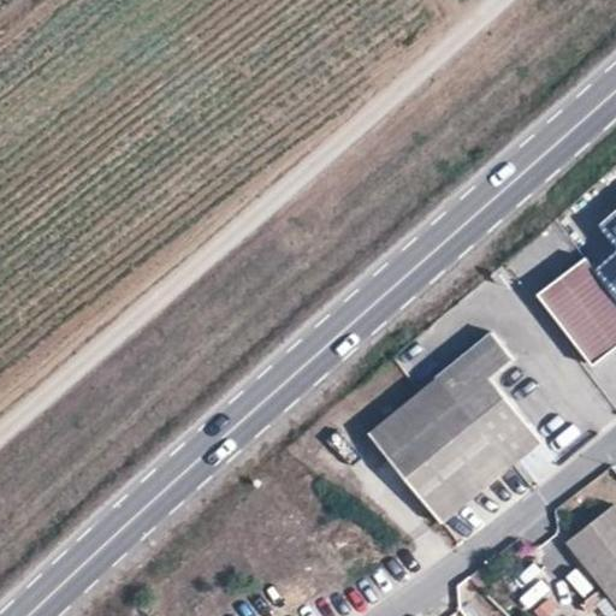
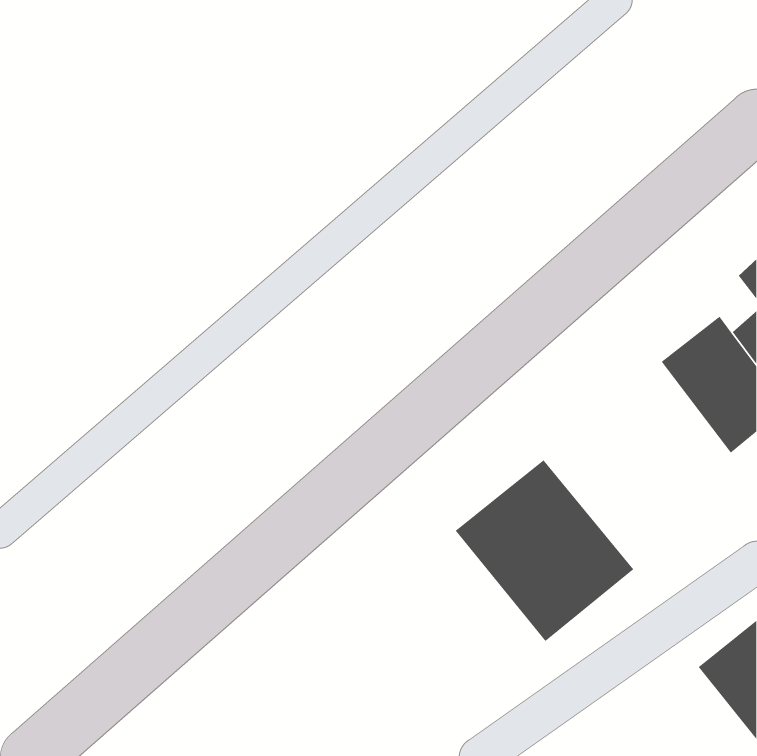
building: [442,333,541,463] -> none

